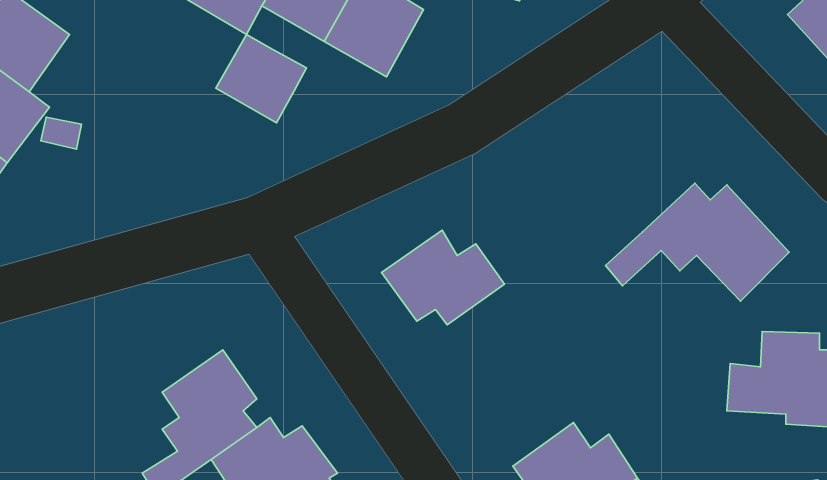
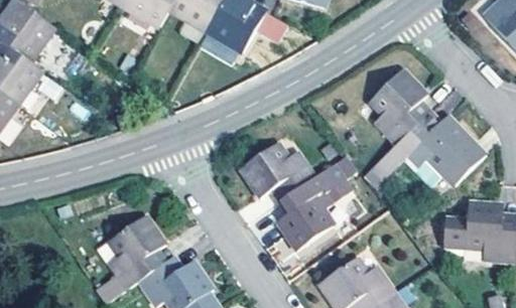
building: [216,35,306,123] -> none
building: none -> [371,69,429,145]
building: none -> [275,162,353,251]

